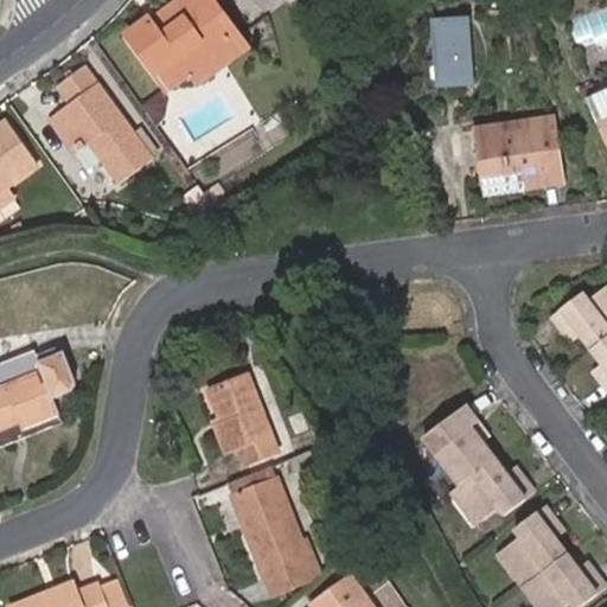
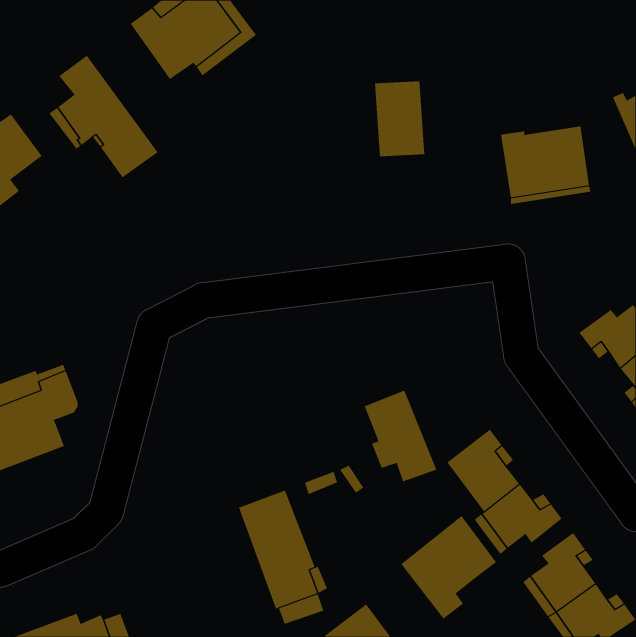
building: [418,20,467,92] -> [374,81,425,157]
building: [207,377,277,465] -> [364,390,437,482]
building: none -> [400,515,497,620]

